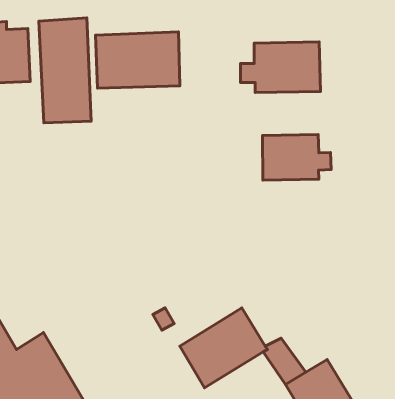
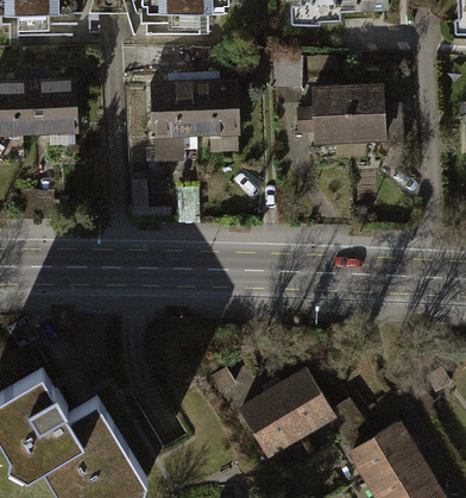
building: [39,18,91,123] -> none
building: [262,135,331,180] -> none

